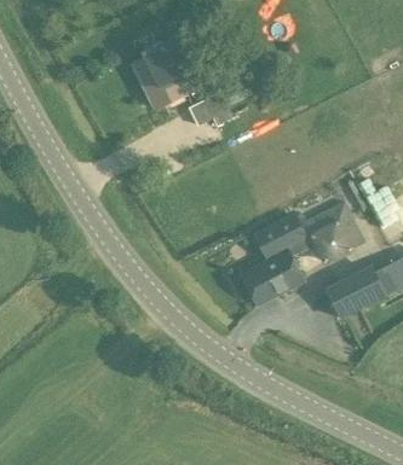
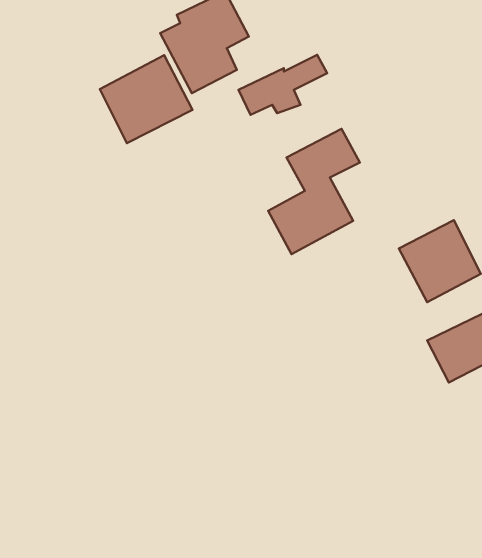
building: none -> [100,55,193,143]
building: [241,215,307,306] -> [268,129,360,254]

